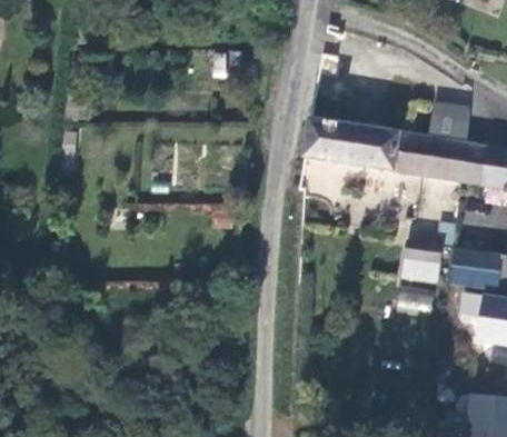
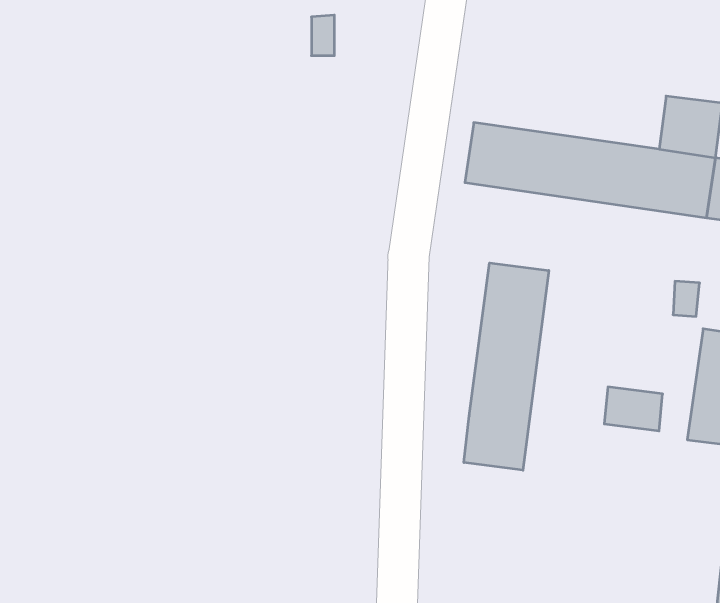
building: none -> [464,263,549,470]
building: [405,242,445,281] -> none

